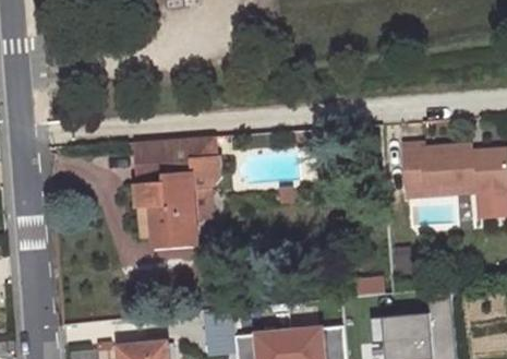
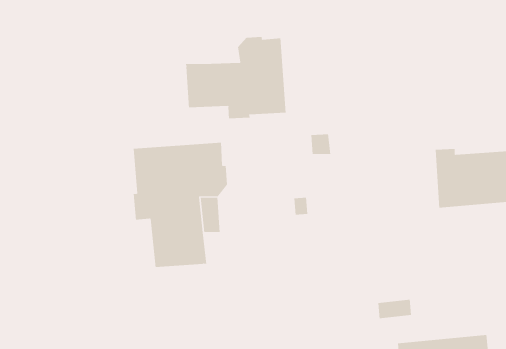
building: none -> [186,36,286,119]

